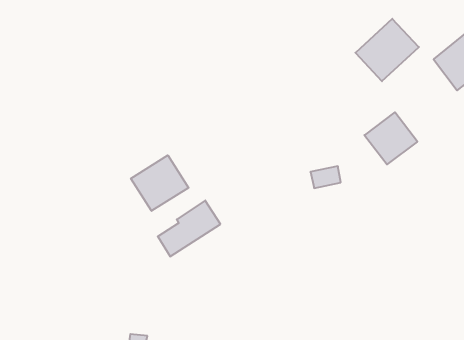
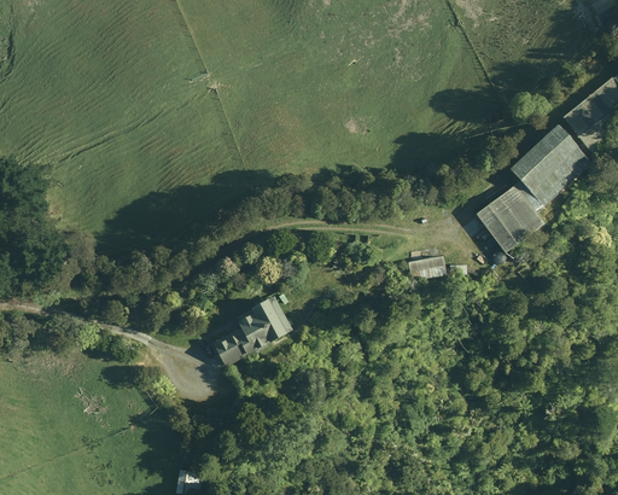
building: [355,19,419,81] -> [505,129,585,209]
building: [131,155,189,211] -> none

